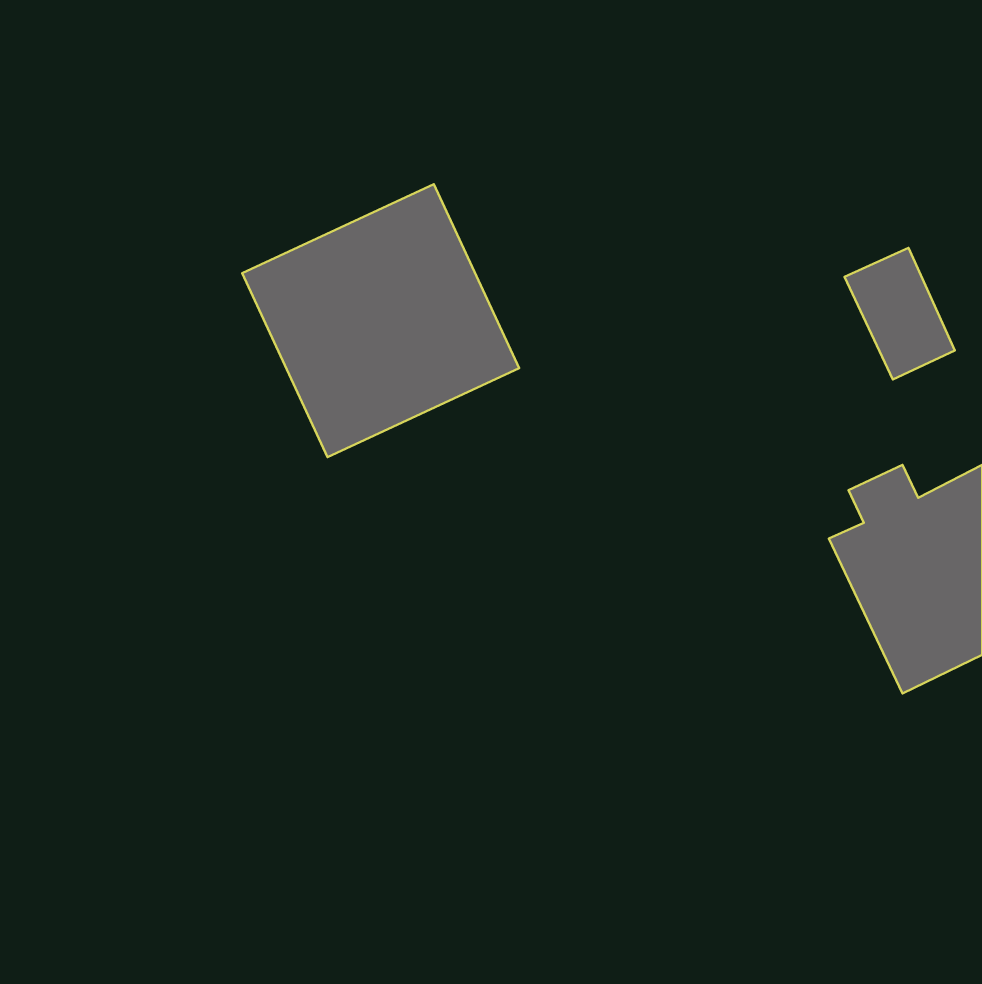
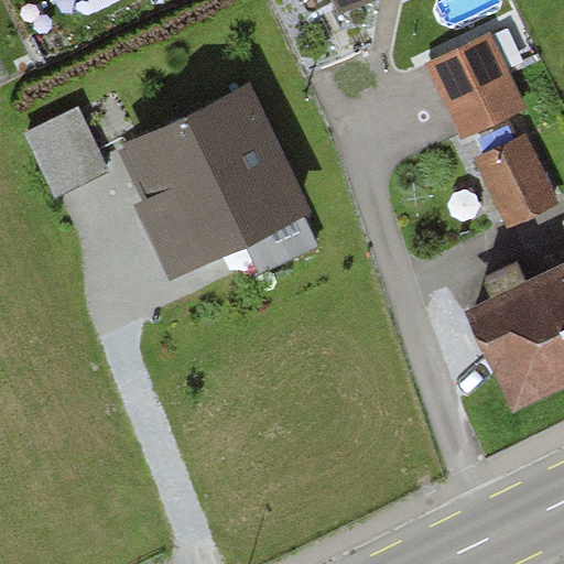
building: none -> [427,41,518,138]
building: none -> [31,105,111,195]

